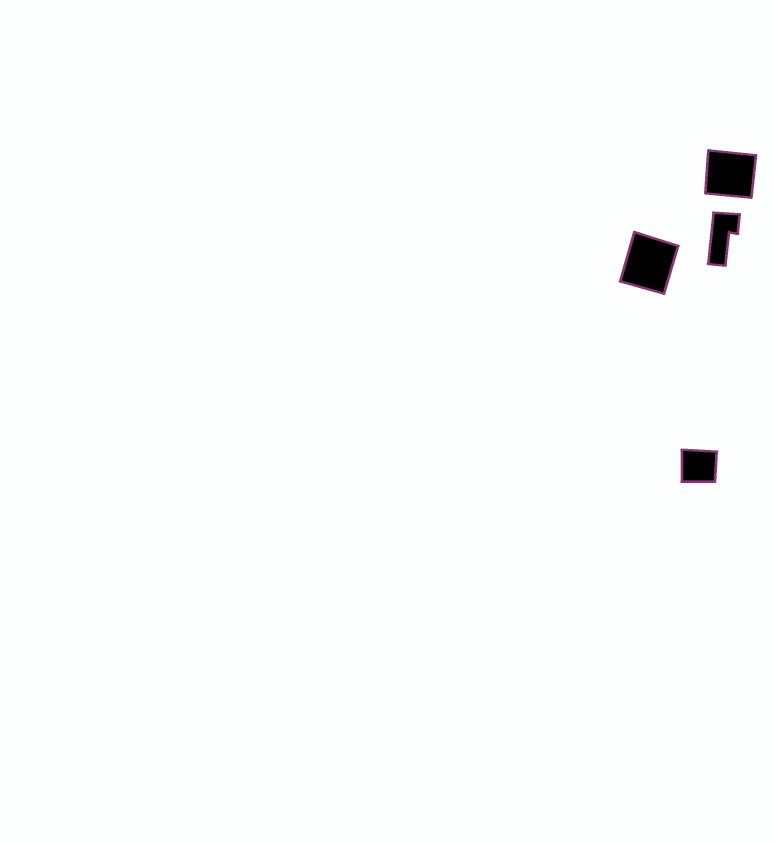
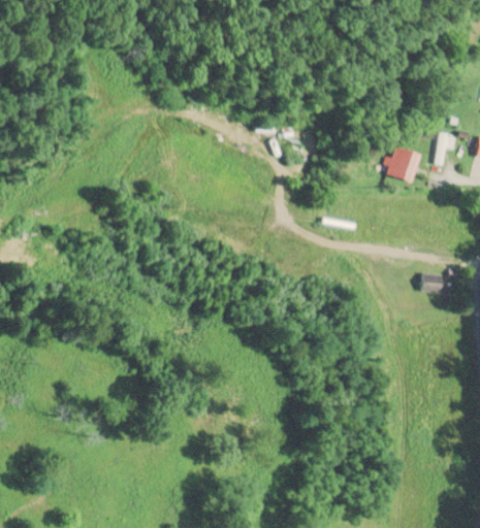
building: [706,150,756,198] -> none

